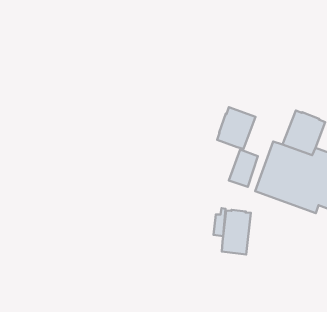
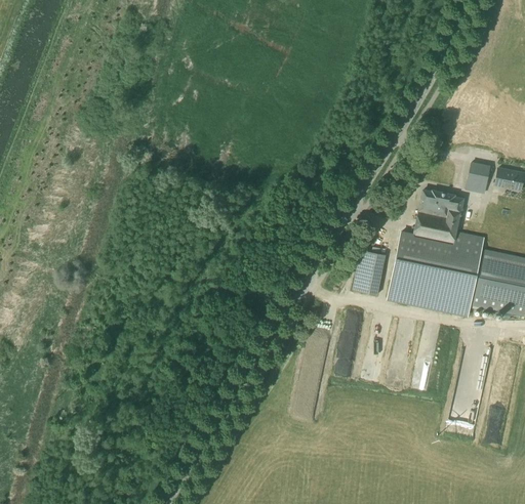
building: [217,107,256,149] -> none
building: [222,210,251,255] -> none

